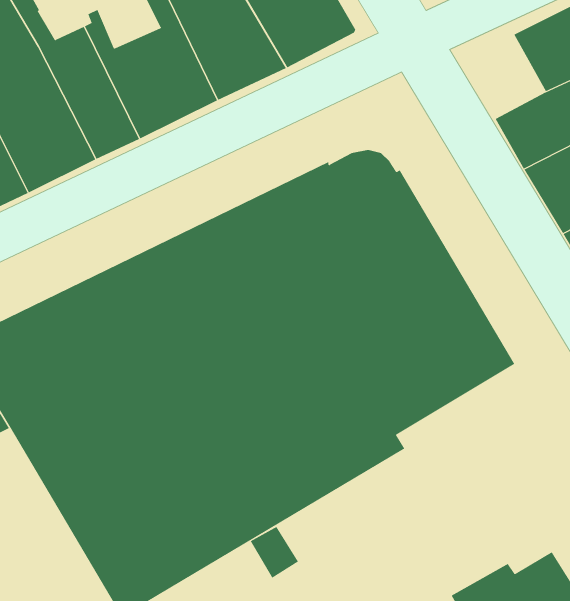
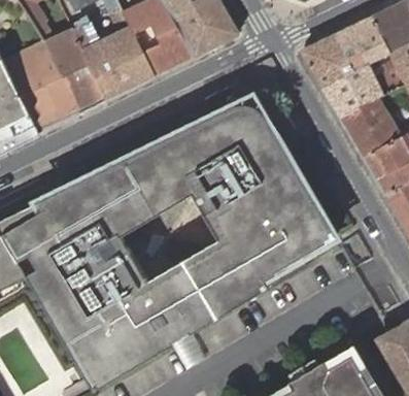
building: none -> [302,35,353,87]

